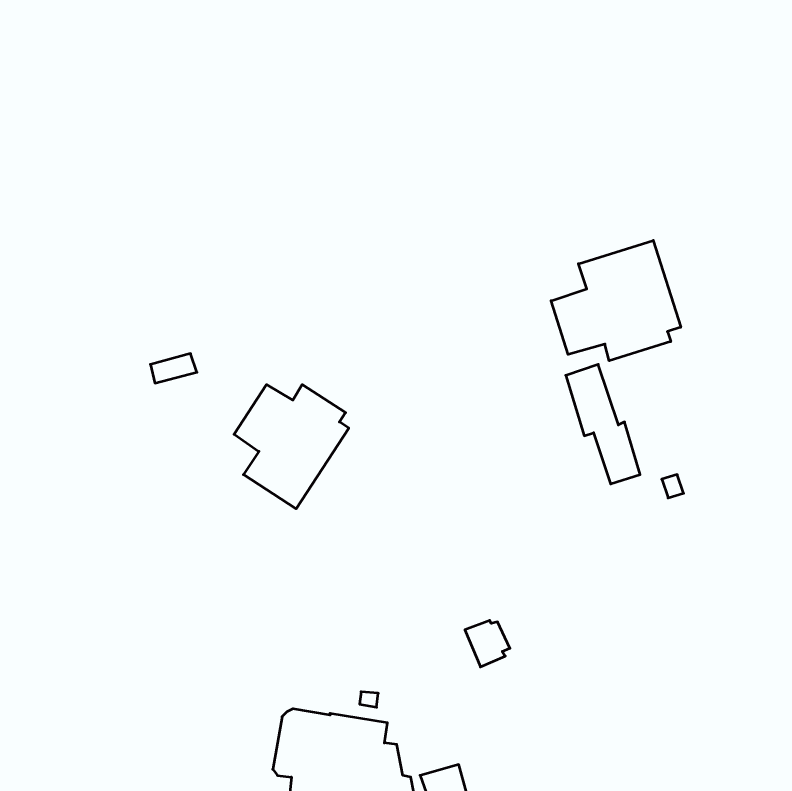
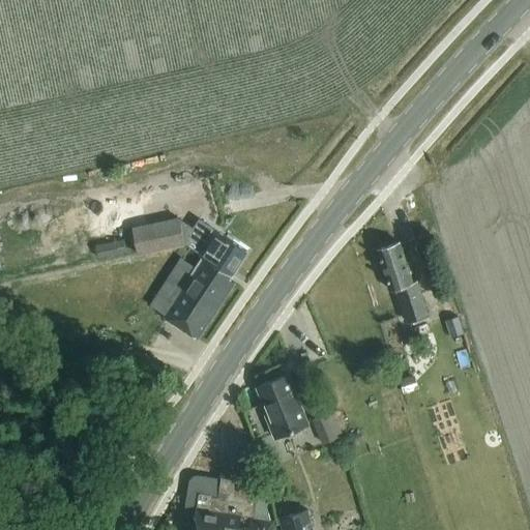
building: [551,240,681,361] -> none
building: none -> [131,217,245,276]
building: none -> [259,377,308,438]

